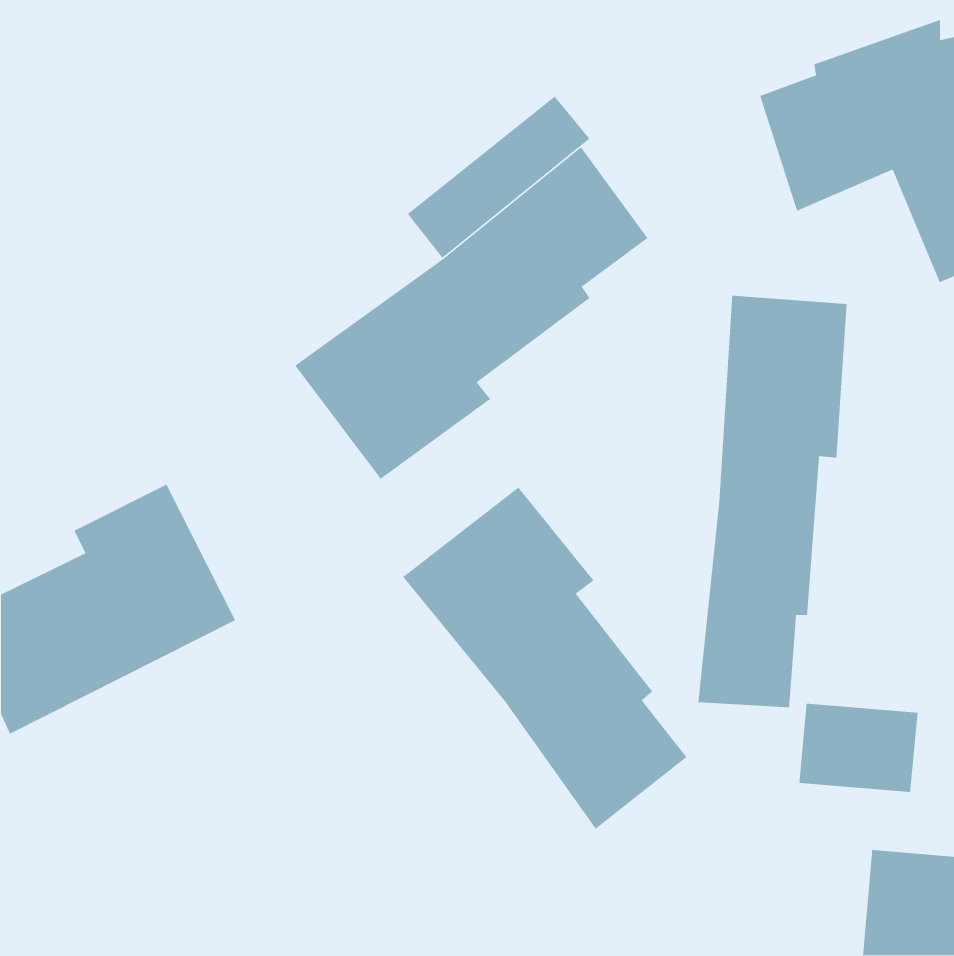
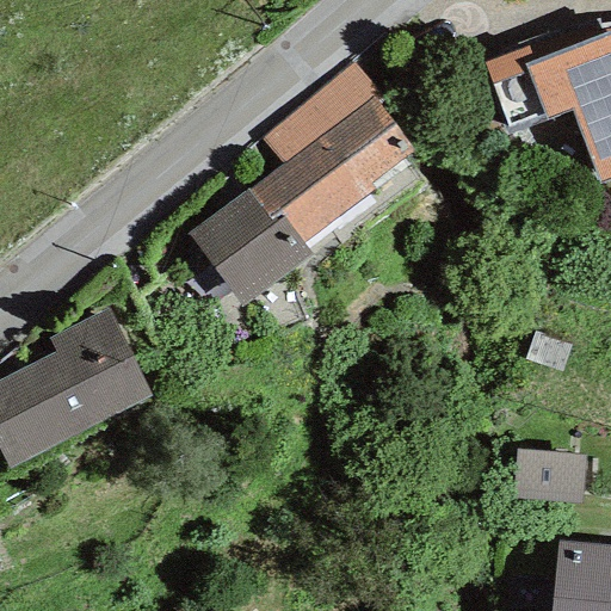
building: [697,295,848,708] -> none
building: [402,487,687,830] -> none

